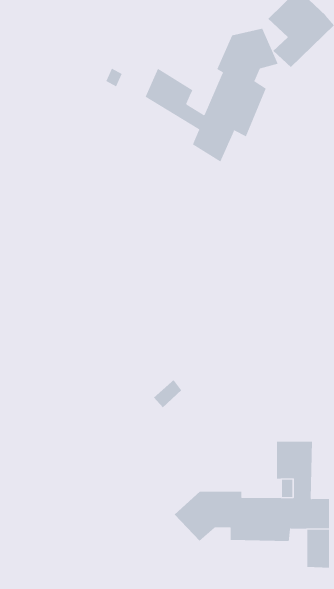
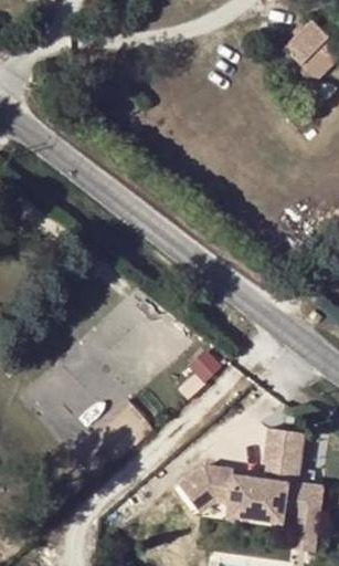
building: [145,28,278,163] -> none

